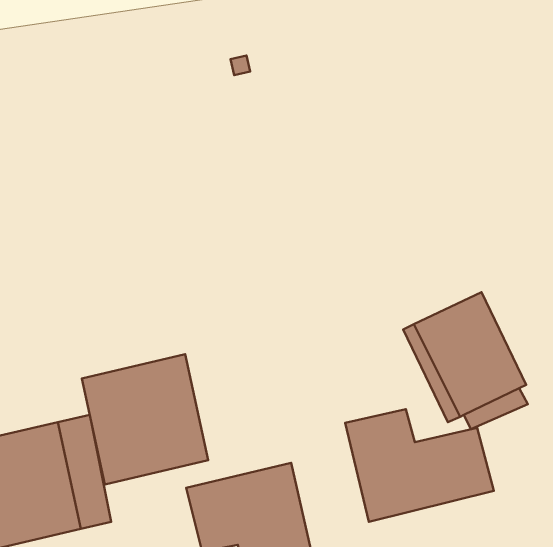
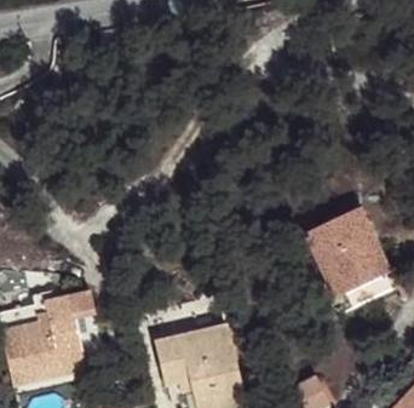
building: [82,354,208,484] -> none
building: [345,409,494,522] -> none

